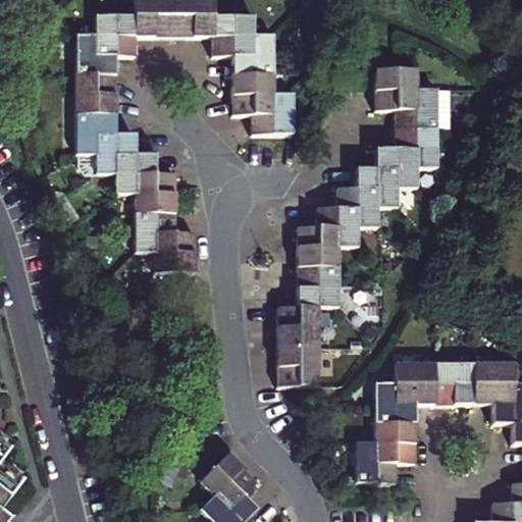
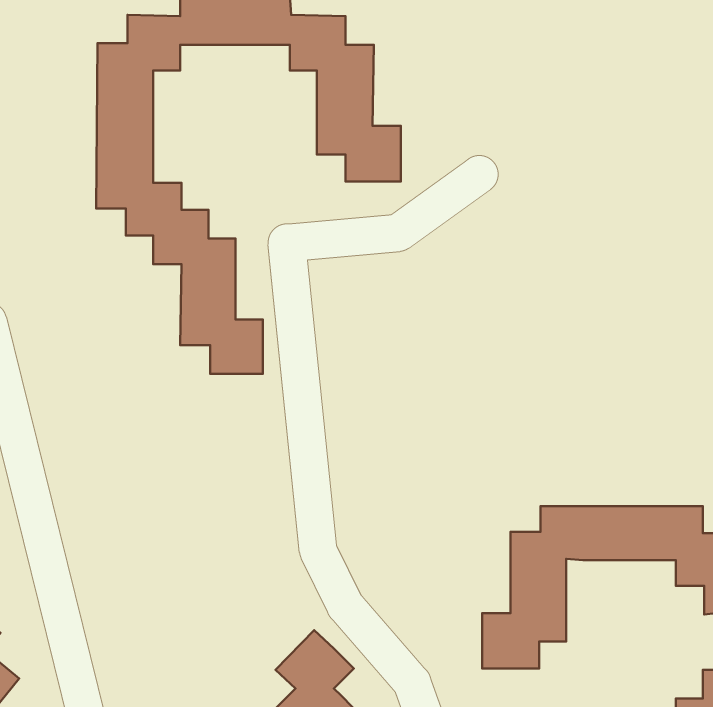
building: [277,76,437,393] -> none

